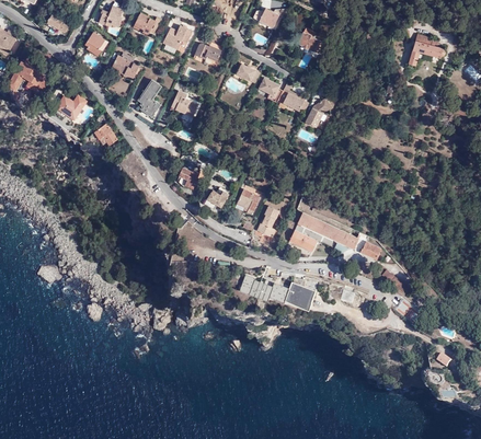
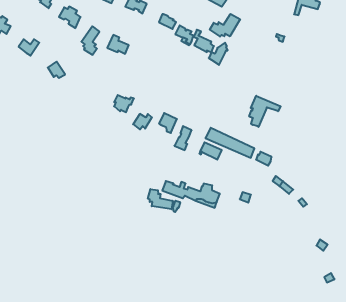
building: none -> [210,14,240,37]
building: none -> [249,96,281,127]
building: none -> [148,189,173,209]

